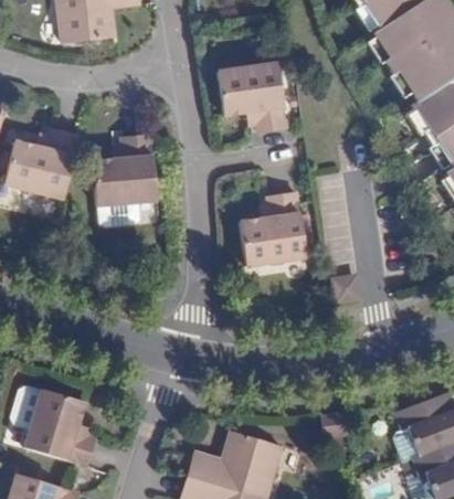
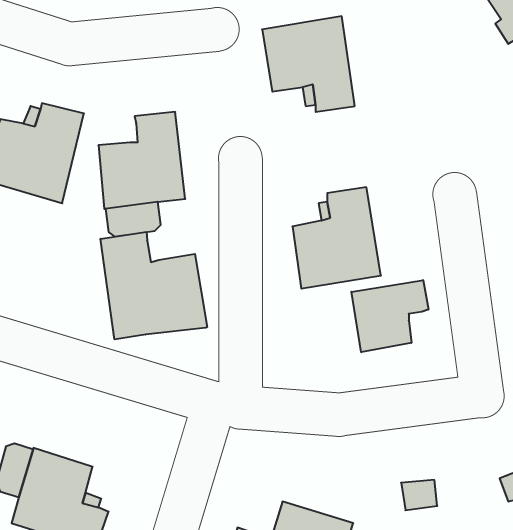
building: none -> [101,232,207,339]
building: none -> [351,280,428,352]

